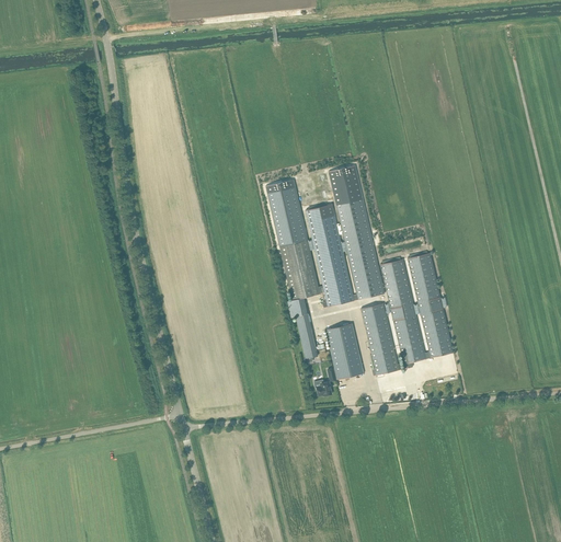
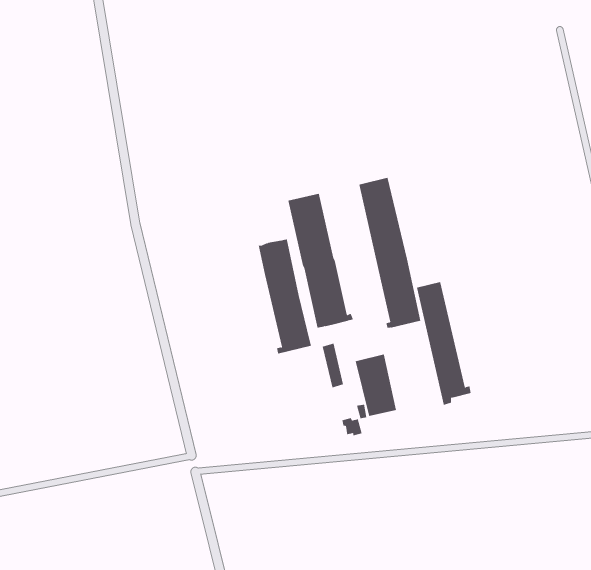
building: [306,204,354,307] -> [258,239,312,354]
building: [407,252,453,357] -> none
building: [362,302,400,374] -> none

